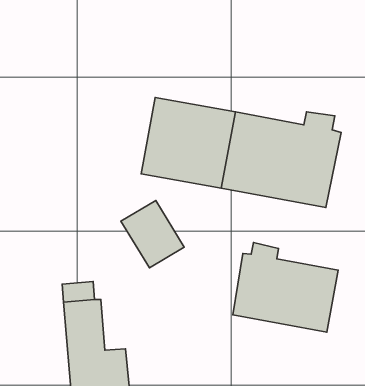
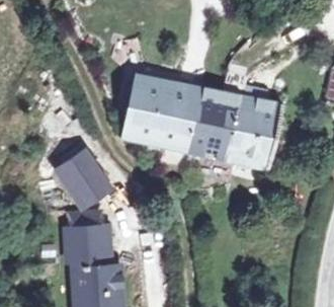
building: [121,201,184,268] -> [58,156,107,209]
building: [233,243,338,332] -> none

